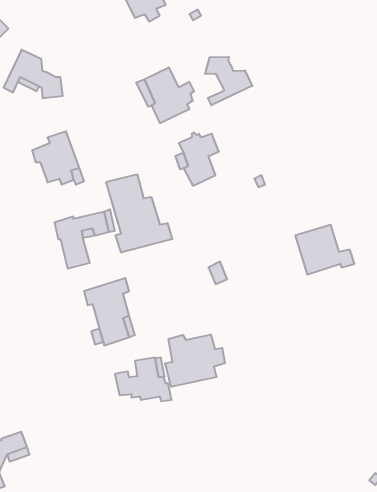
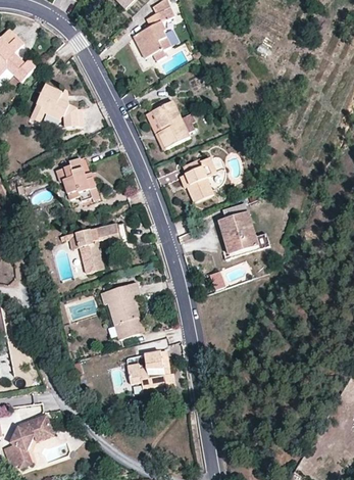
building: [205,57,252,105] -> none
building: [106,174,172,253] -> none
building: [295,225,354,274] -> [218,211,269,254]
building: [165,334,225,387] -> none

